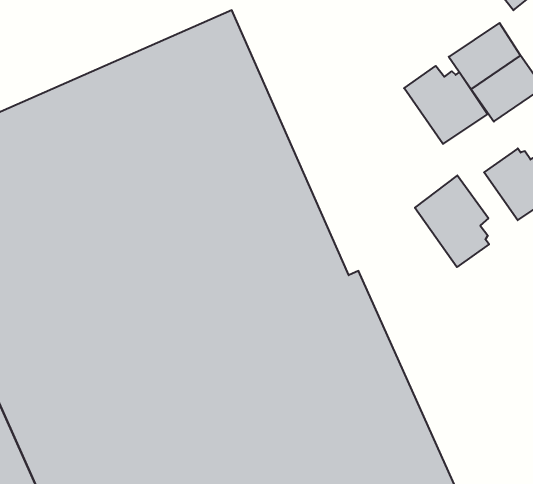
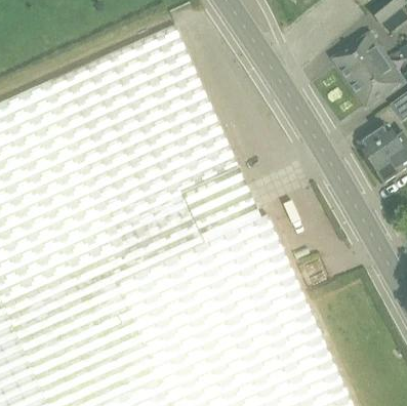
building: [404,66,487,144] -> none
building: [415,175,489,267] -> none

